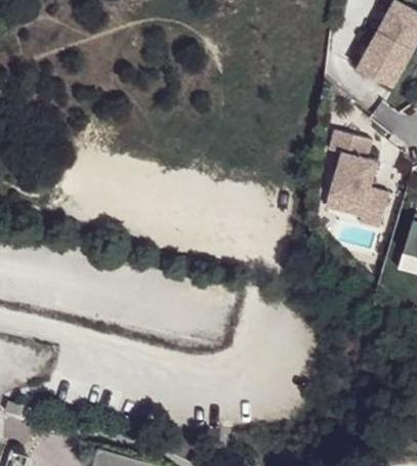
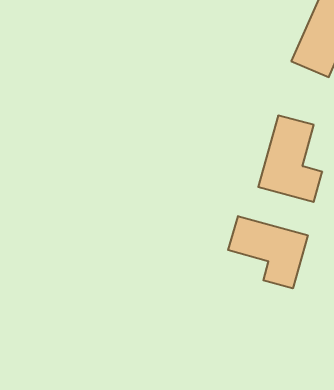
building: none -> [228,216,308,288]

